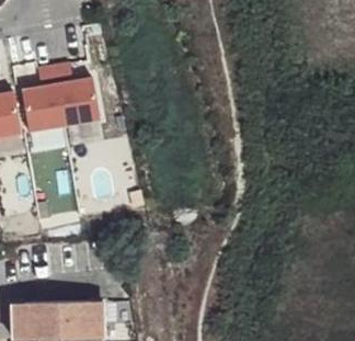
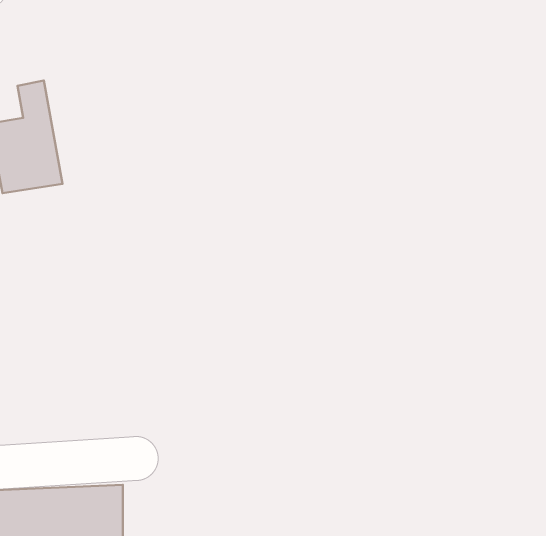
building: [53,64,98,126] -> none

